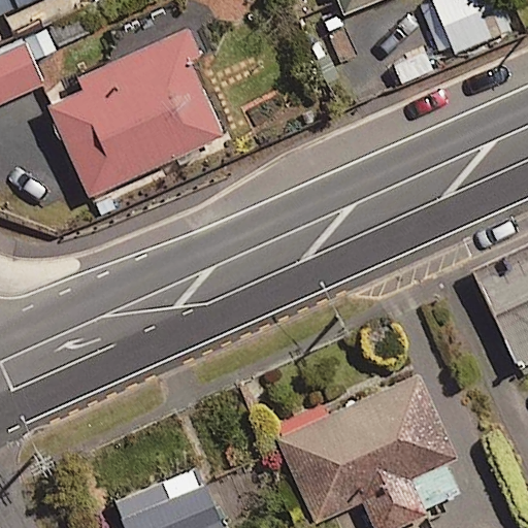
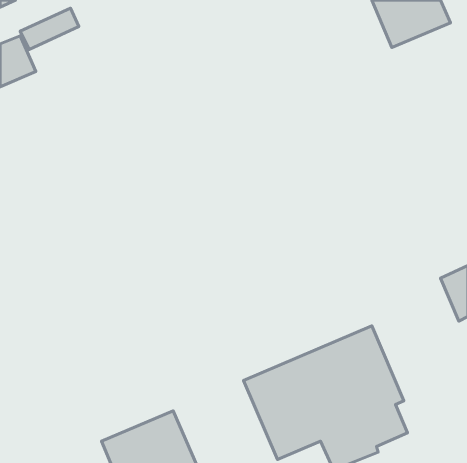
building: [45,29,222,197] -> none

